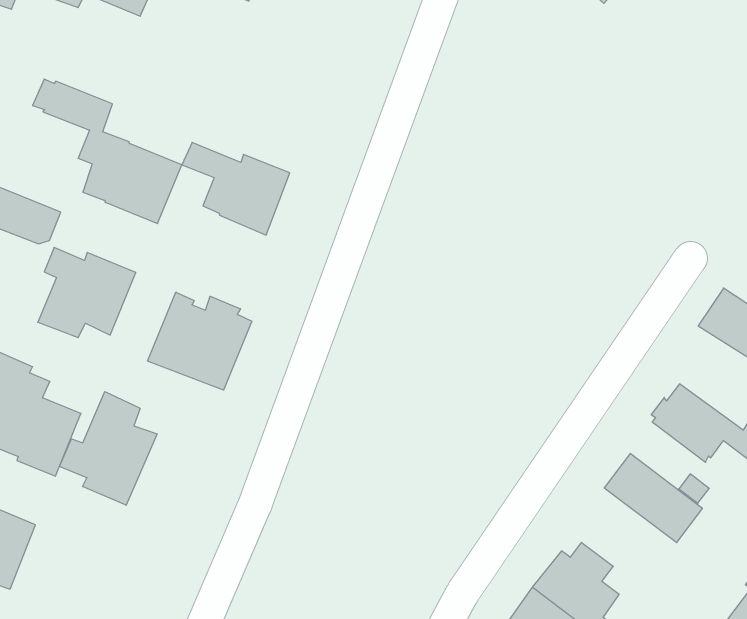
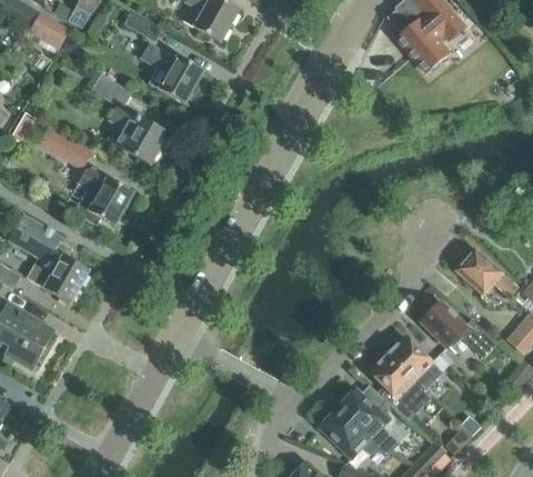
building: [182,142,290,235] -> [141,43,203,103]
building: [148,292,252,390] -> none
building: [59,392,157,505] -> none
building: none -> [370,355,430,426]

